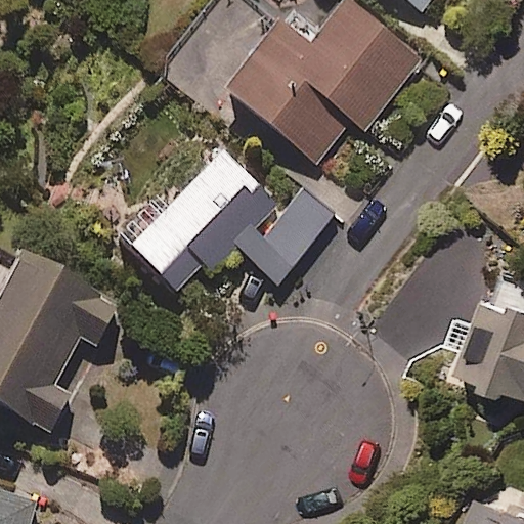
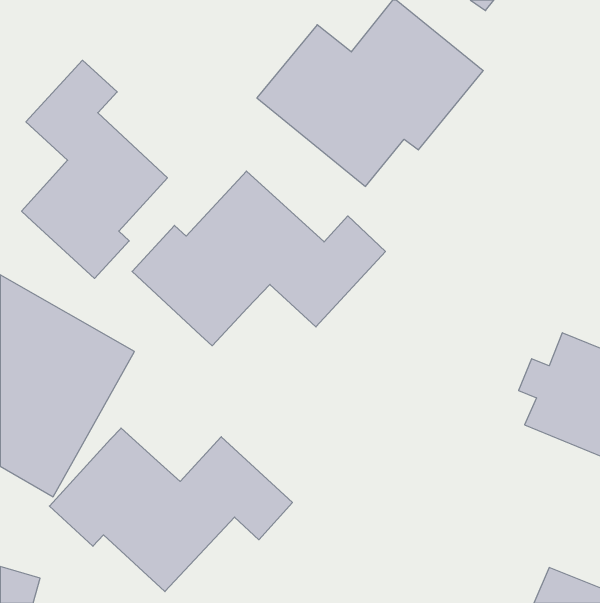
building: none -> [22,60,167,278]
building: none -> [49,428,292,592]

